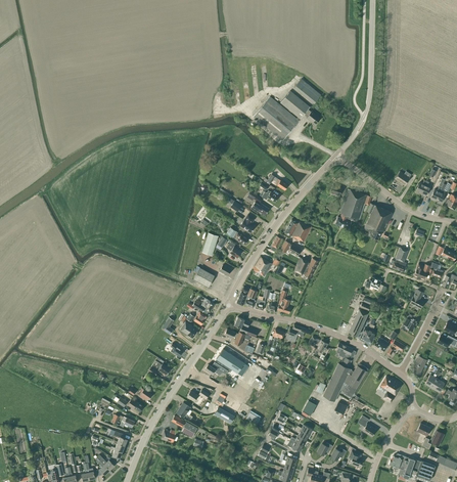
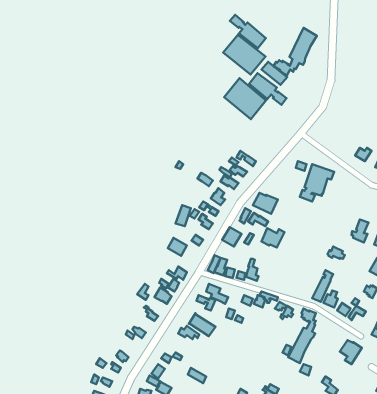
building: none -> [223,15,266,74]
building: none -> [273,28,317,76]
building: [363,203,392,239] -> none
building: [339,364,368,396] -> none

